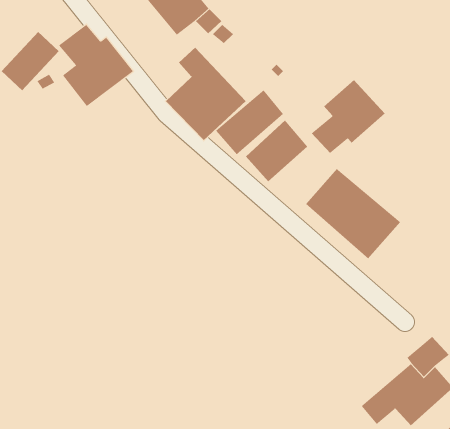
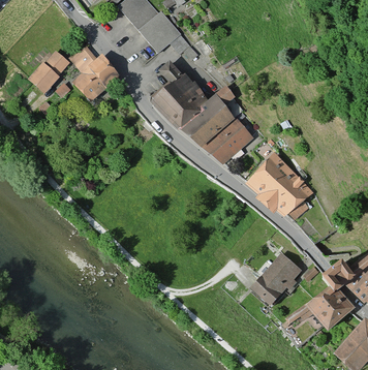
building: [311,79,385,154] -> none
building: none -> [248,249,300,301]

